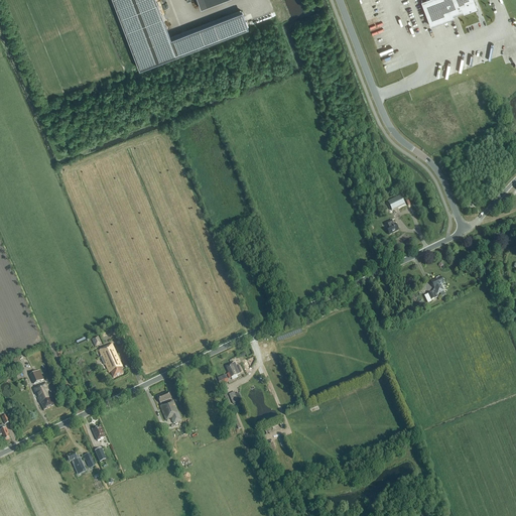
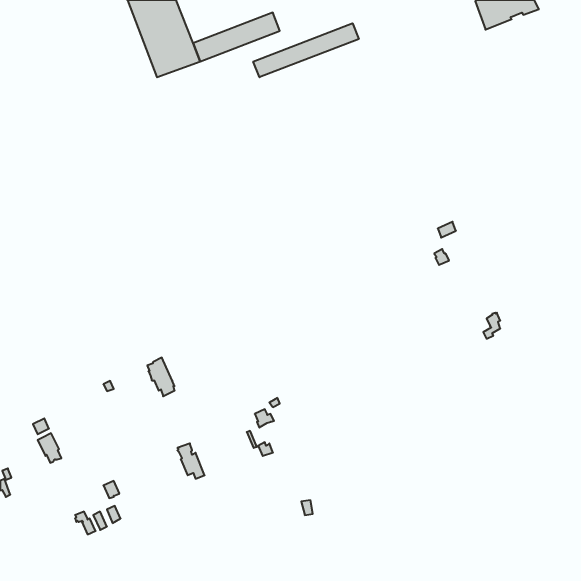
building: none -> [253,23,359,77]
building: [99,345,123,379] -> [147,358,175,396]

